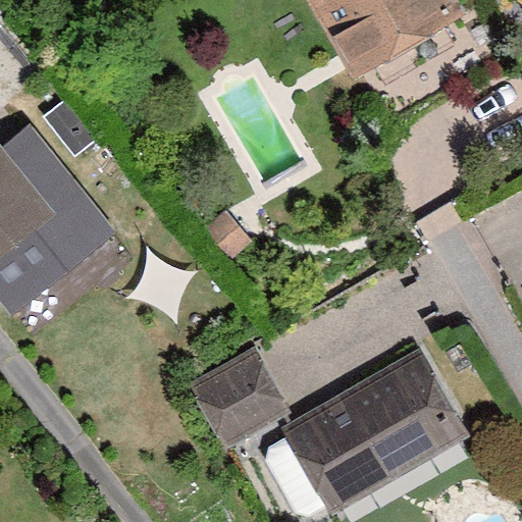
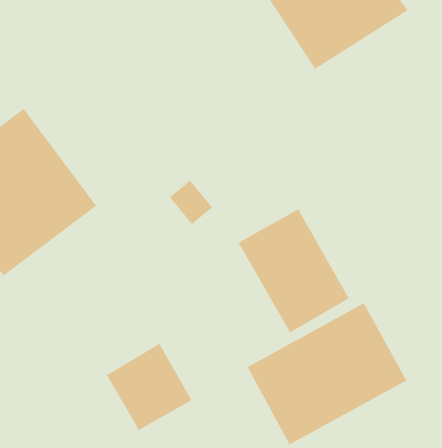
building: none -> [238,208,350,333]
building: [190,345,290,447] -> [106,343,192,431]

